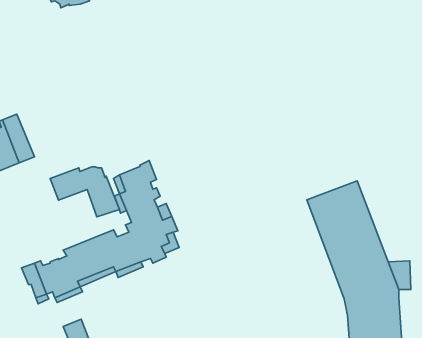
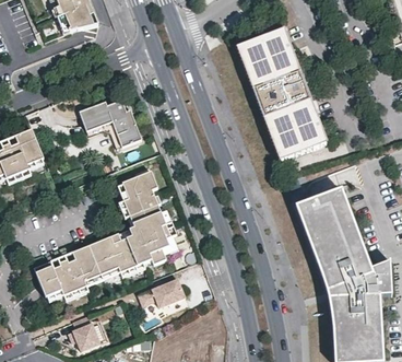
building: none -> [236,28,327,161]
building: [50,167,119,217] -> [79,101,142,147]
building: none -> [138,278,185,306]

